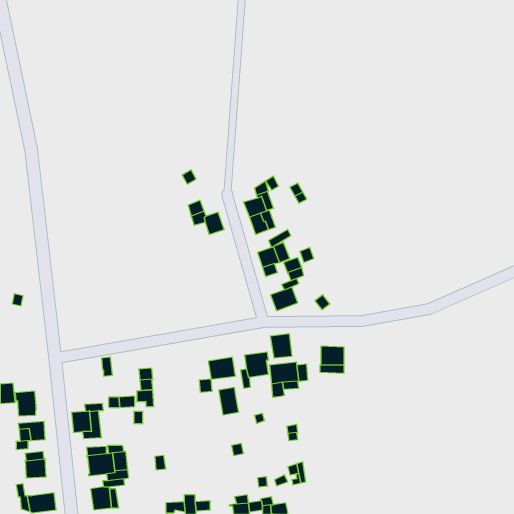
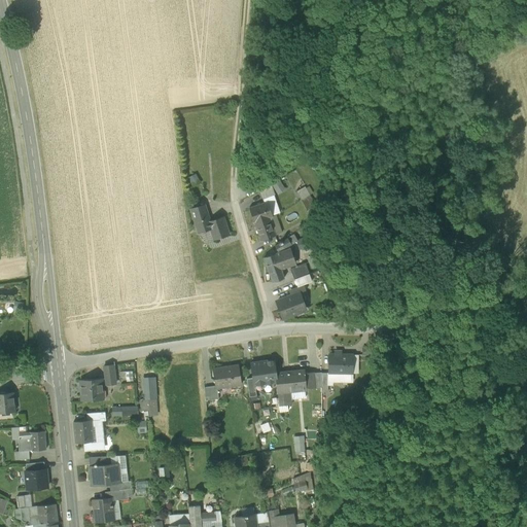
building: [271,334,292,358] -> none
building: none -> [80,379,103,401]
building: [219,387,238,415] -> none
building: [15,391,36,416] -> none

